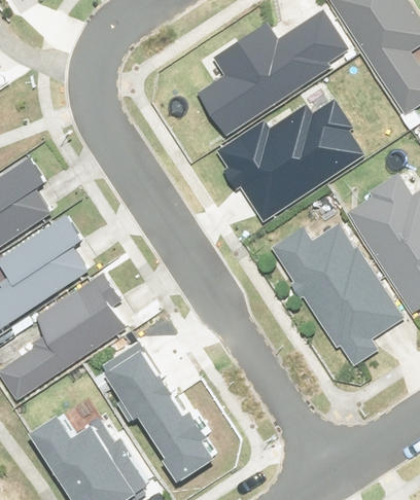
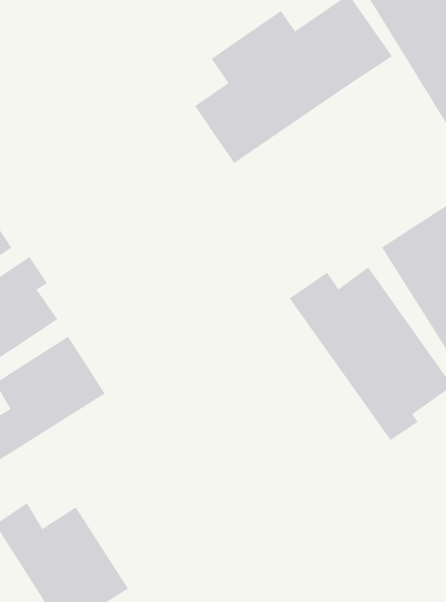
building: [216,80,369,222] -> none
building: [102,344,215,480] -> none

